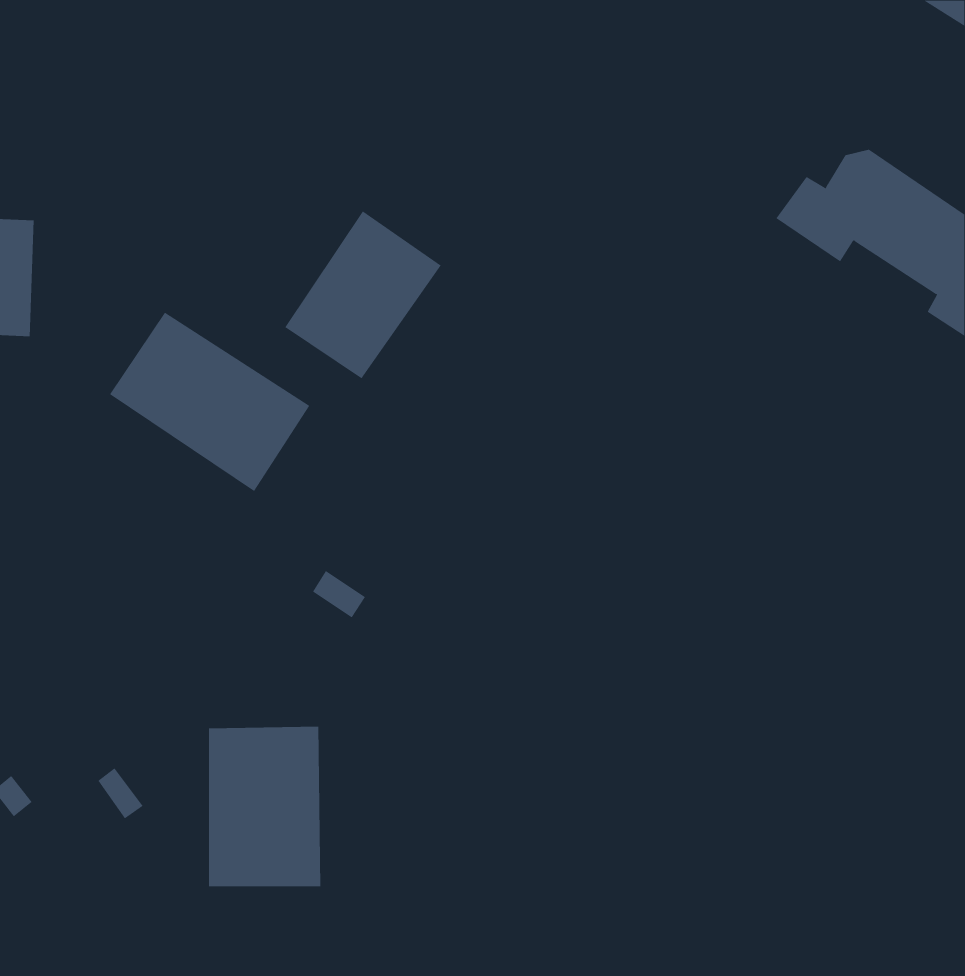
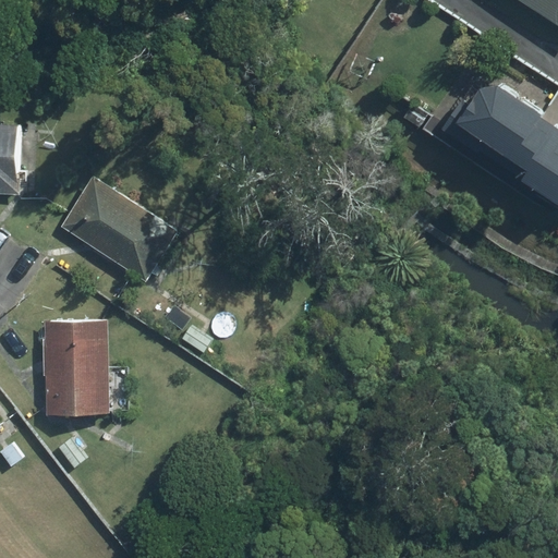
building: [284,211,442,379] -> none
building: [208,726,321,887] -> [44,322,108,413]

